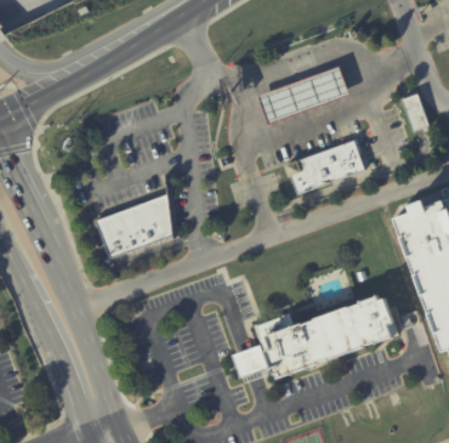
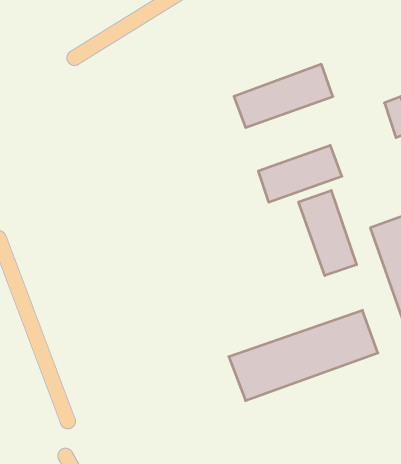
building: none -> [299,190,357,276]
building: [93,188,178,260] -> none
building: [234,345,267,376] -> none

